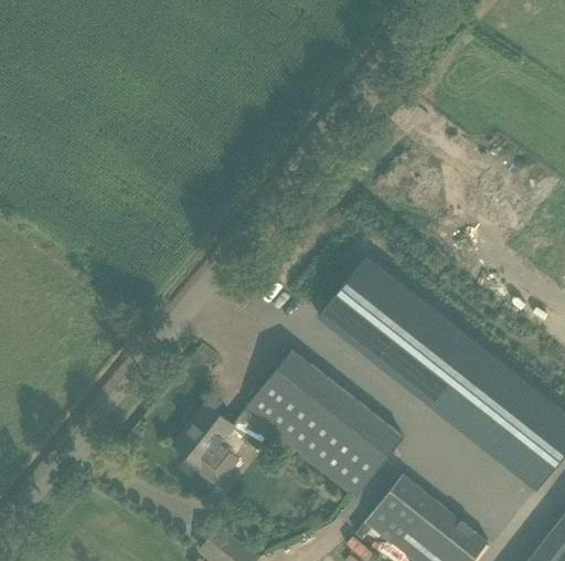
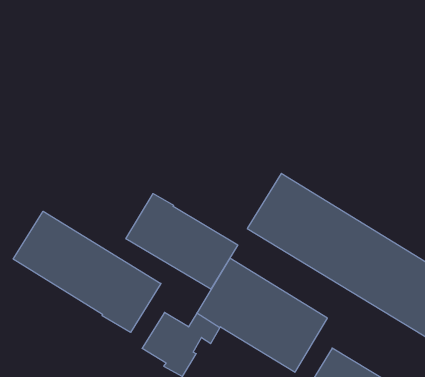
building: none -> [126,194,238,289]
building: none -> [13,211,161,332]

